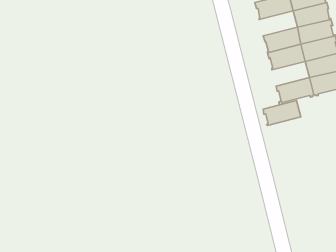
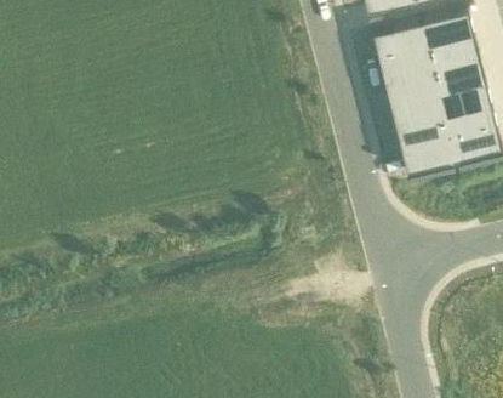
building: none -> [378,47,433,83]
building: [263,101,301,125] -> [396,119,450,154]

